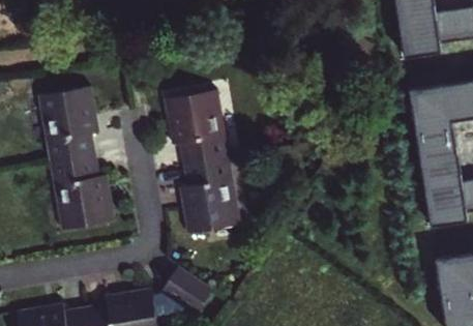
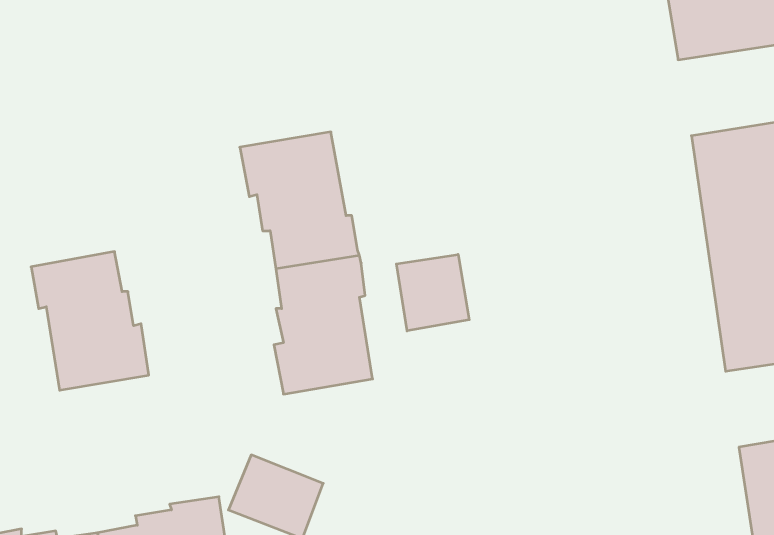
building: [45,86,98,162] -> none
building: none -> [396,254,469,331]

